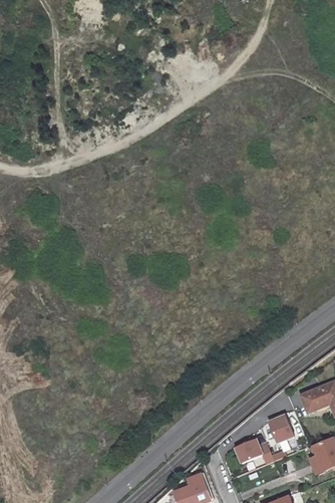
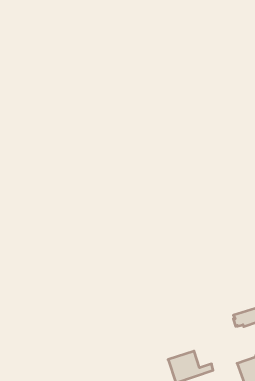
building: [267,415,294,445] -> none

